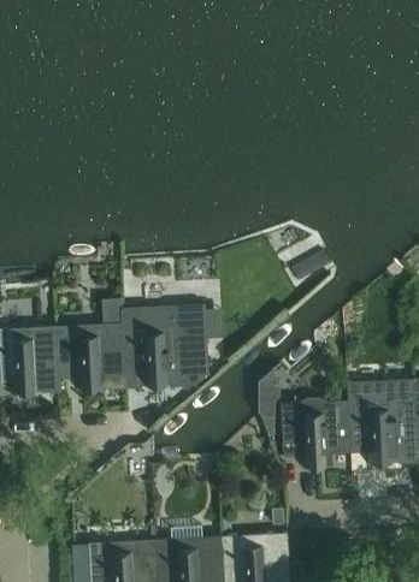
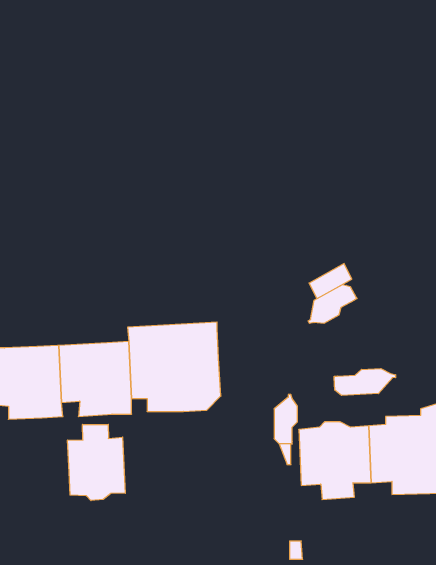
building: none -> [308,284,357,323]
building: none -> [334,369,396,395]
building: none -> [68,424,125,501]

